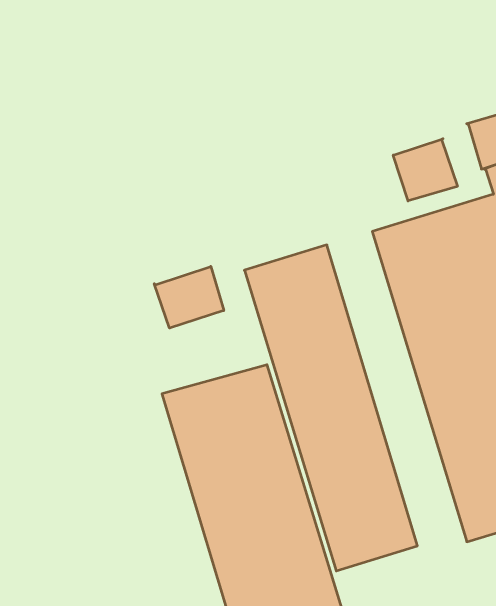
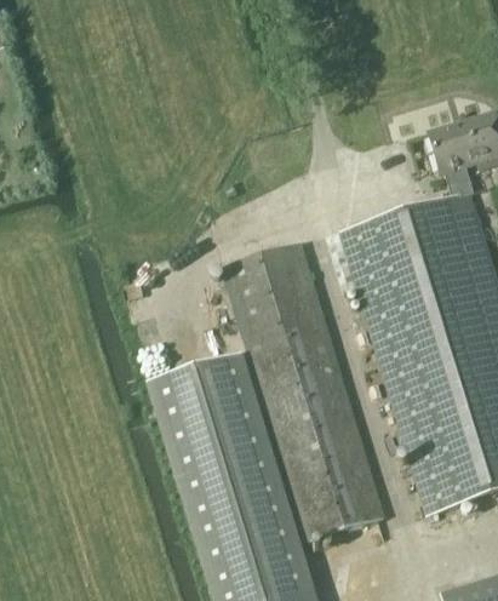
building: [393,139,457,201] -> none
building: [154,266,224,328] -> none

